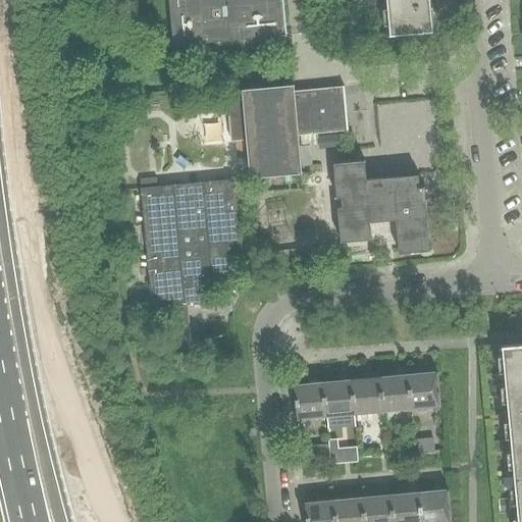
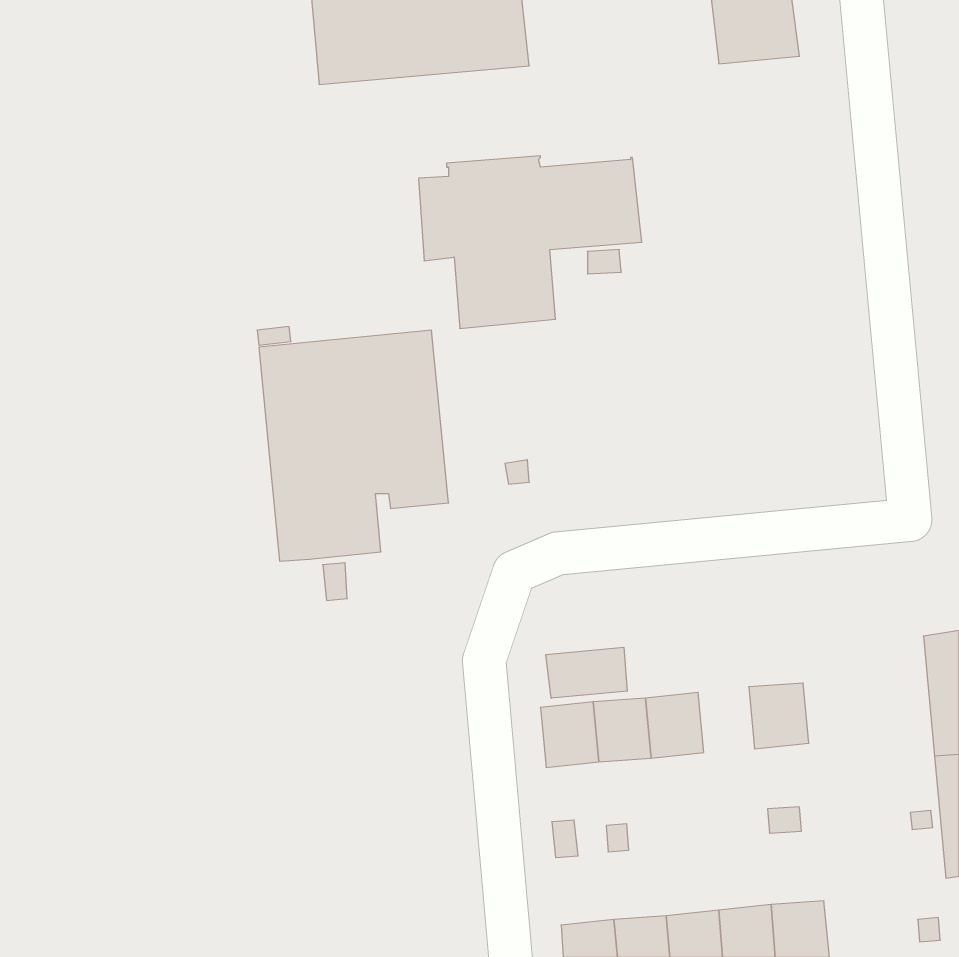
building: [333,160,430,253] -> none
building: none -> [546,647,627,698]
building: [379,373,410,409] -> none

